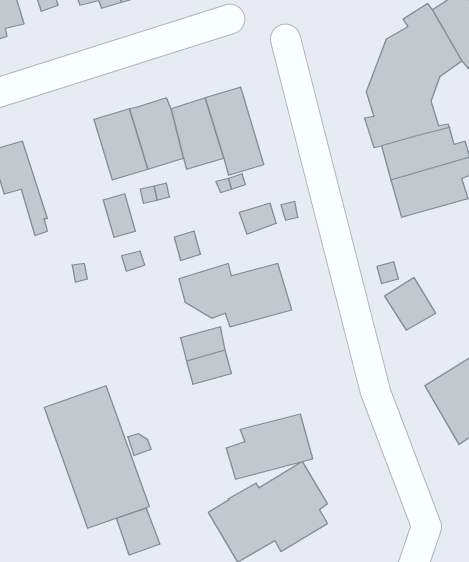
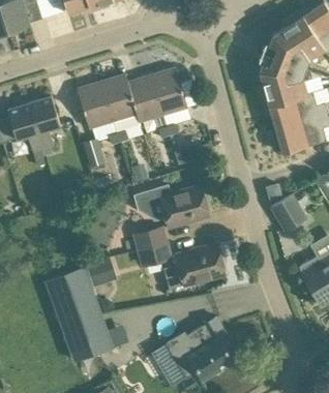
building: none -> [29,96,60,155]
building: [226,414,313,479] -> [167,245,225,289]
building: [116,508,160,555] -> none

